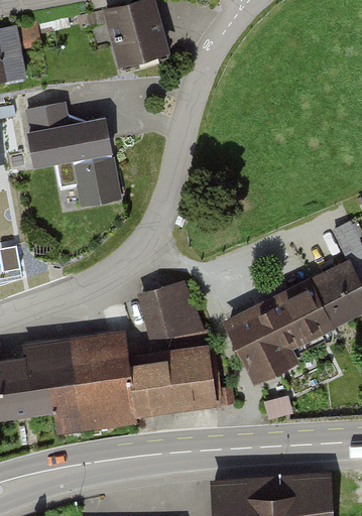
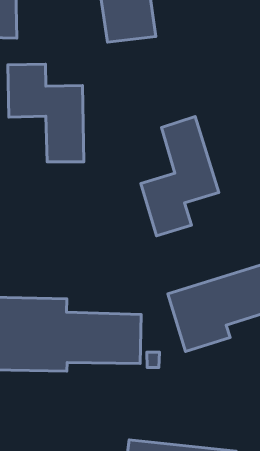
building: none -> [141,116,219,236]
building: [142,282,196,331] -> none

